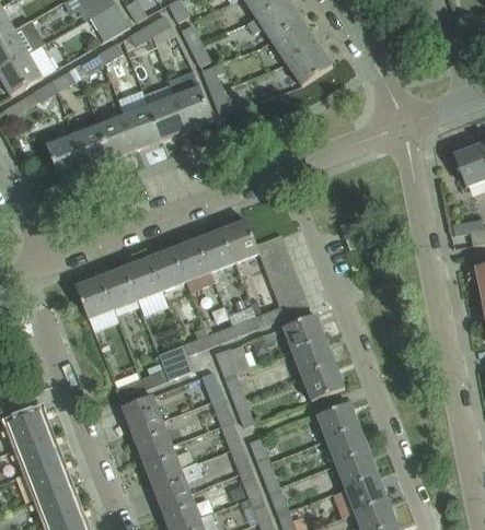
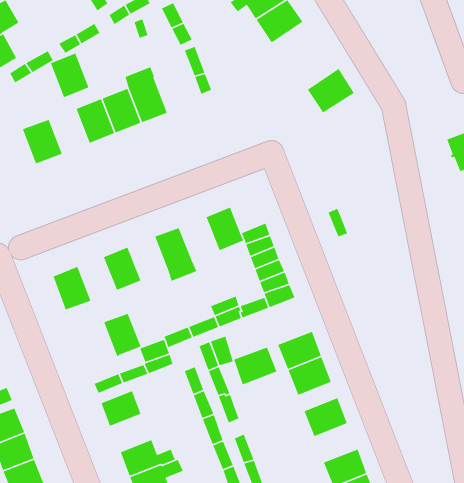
building: [286,42,332,85] -> [307,68,355,114]
building: [173,85,212,129] -> none
building: [72,125,111,168] -> [50,53,90,98]
building: [197,228,235,271] -> none
building: [148,247,186,290] -> none
building: [100,267,137,309] -> [103,313,142,357]
building: [282,314,325,351] -> [233,347,278,385]
building: [130,417,171,454] -> none
building: [326,426,369,463] -> none

